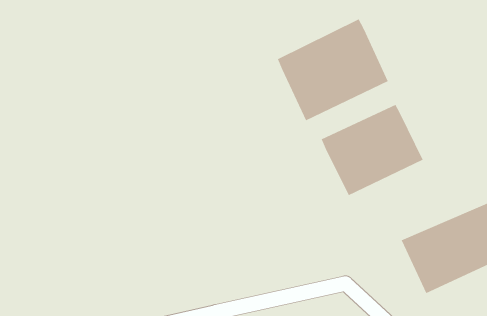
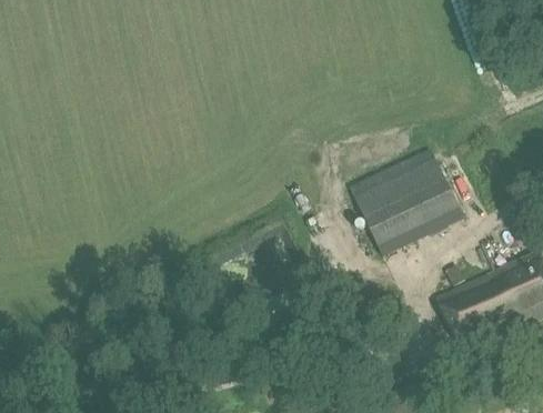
building: [277,19,388,121] -> none

